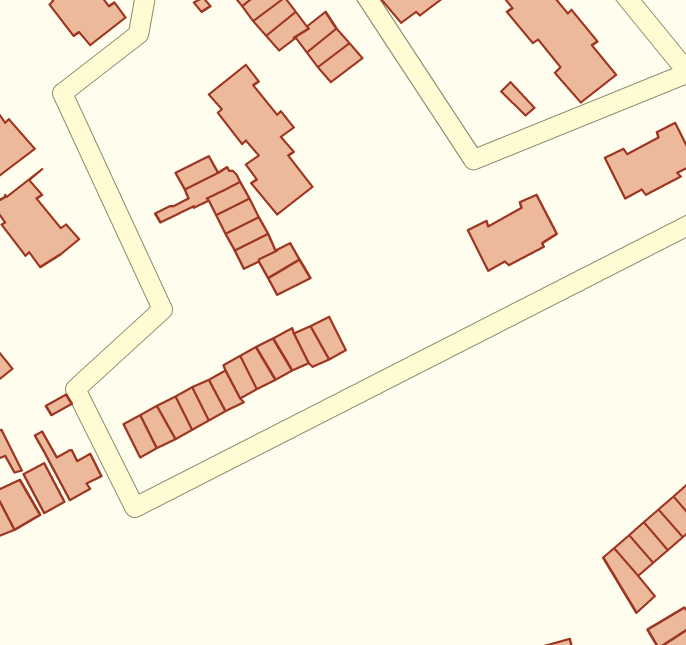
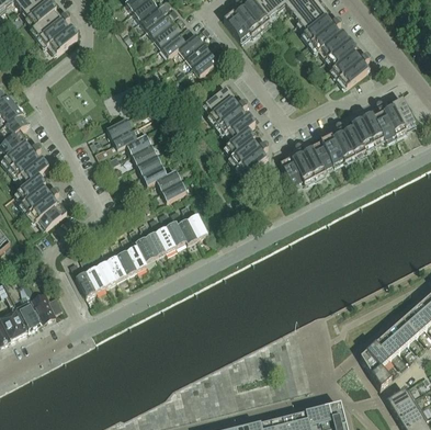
building: [209,65,312,215] -> [204,86,265,174]
building: none -> [320,118,373,163]
building: none -> [16,176,66,227]

